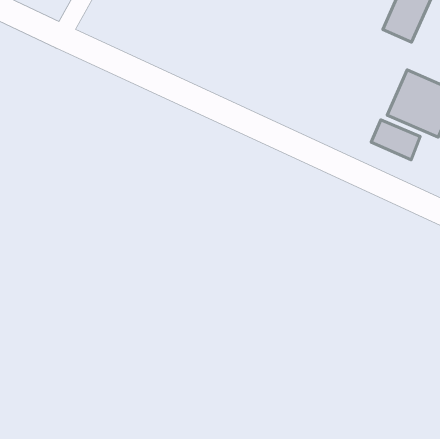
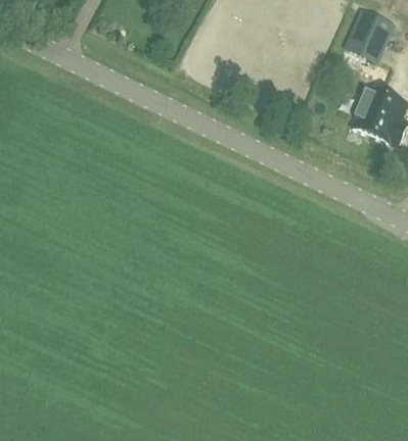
building: [371,120,420,160] -> none

